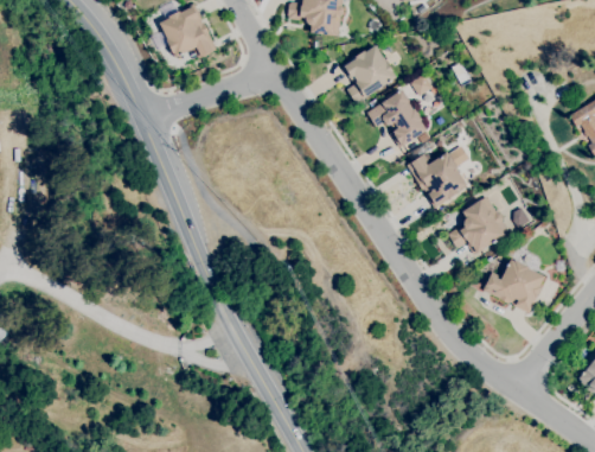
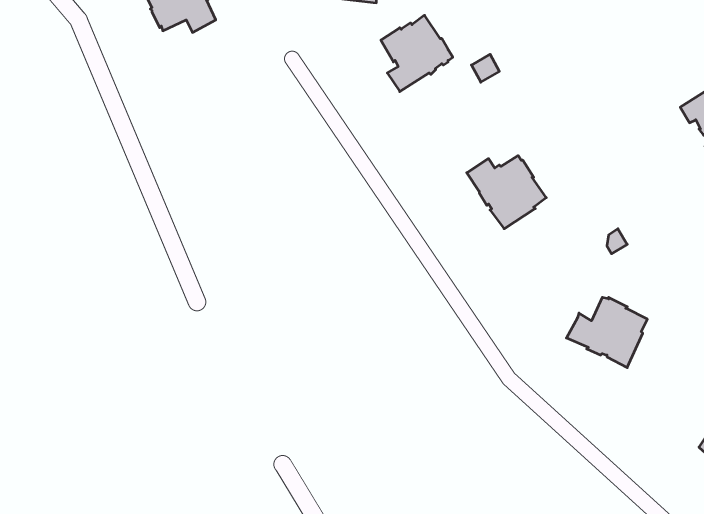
building: [367,89,428,153] -> none
building: [449,196,510,254] -> none

